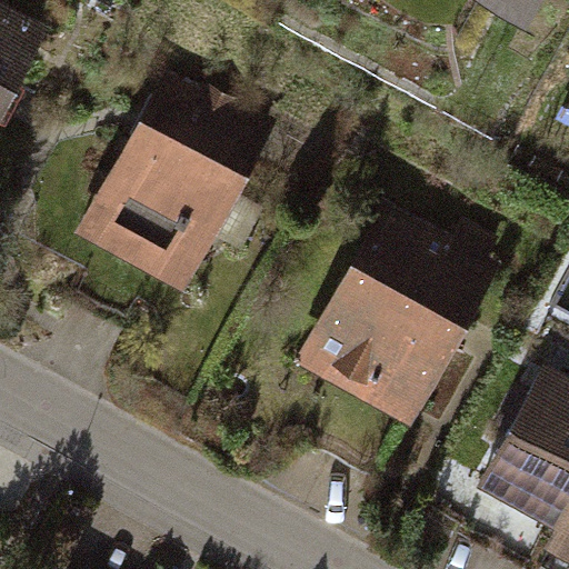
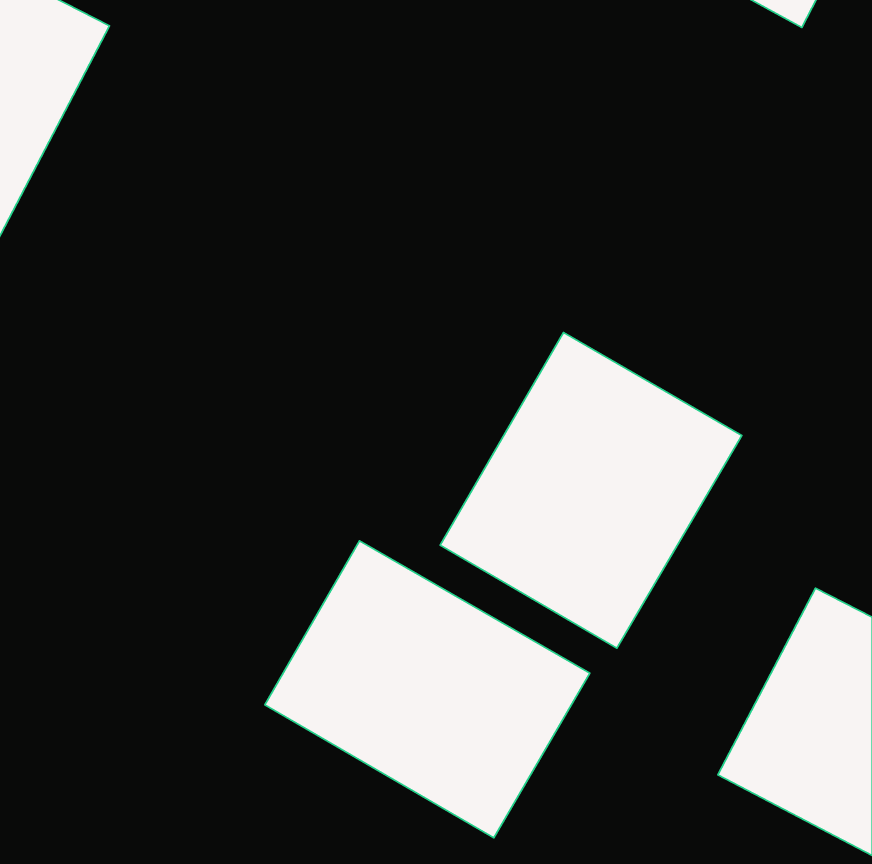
building: [88,97,270,288] -> none
building: none -> [265,541,590,838]

